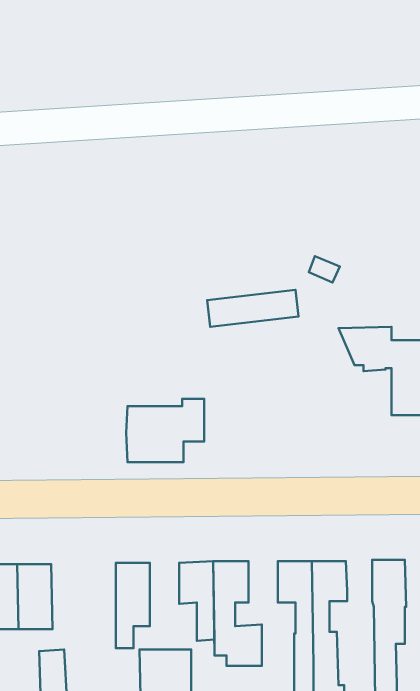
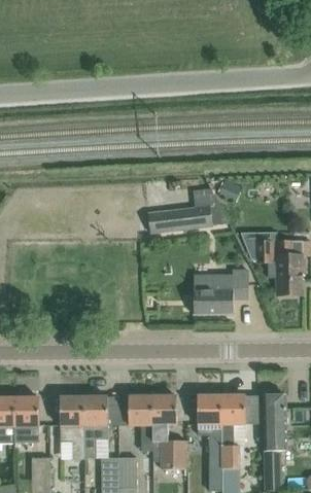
building: [126,399,204,462] -> [194,270,248,314]
building: none -> [61,396,84,459]

